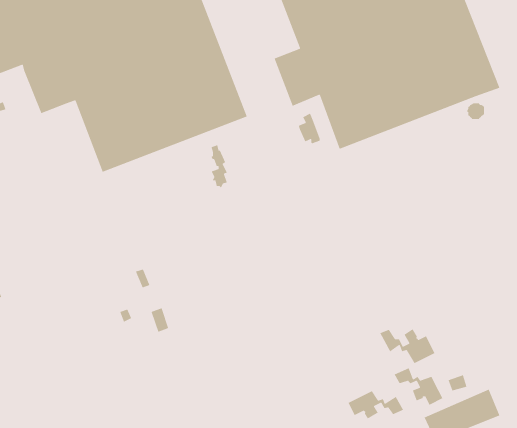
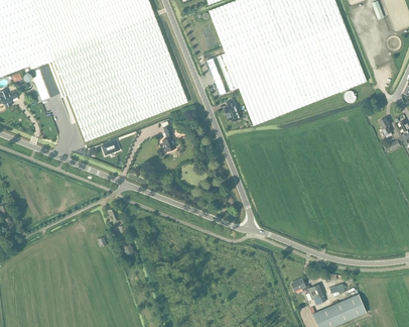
building: [379,328,436,364] -> none
building: [348,390,404,420] -> none

